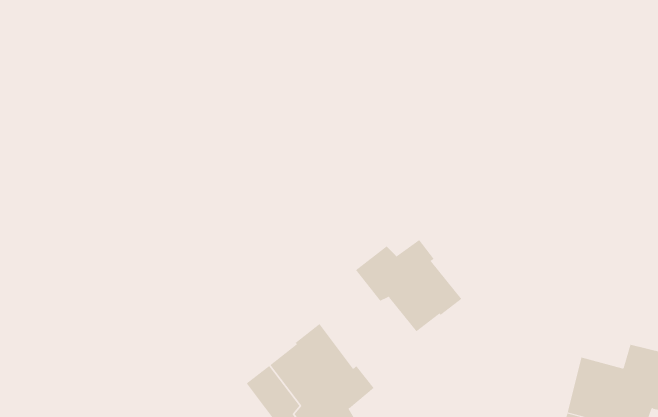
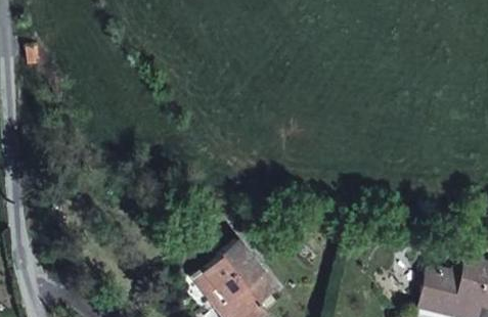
building: [355,239,462,332] -> none

